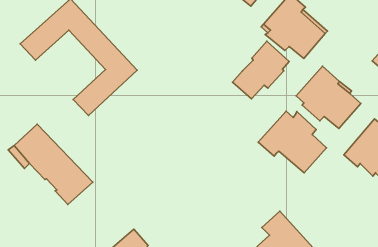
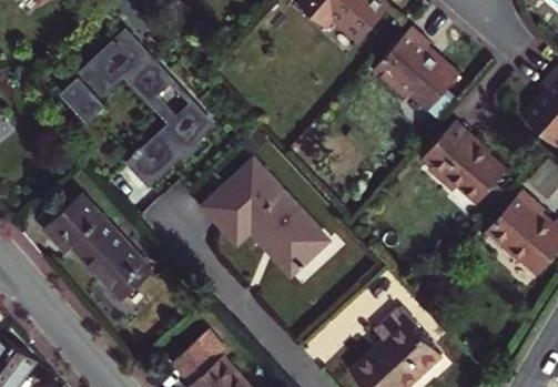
building: [233,41,289,99] -> none
building: none -> [202,160,327,275]
building: [258,111,326,173] -> none

